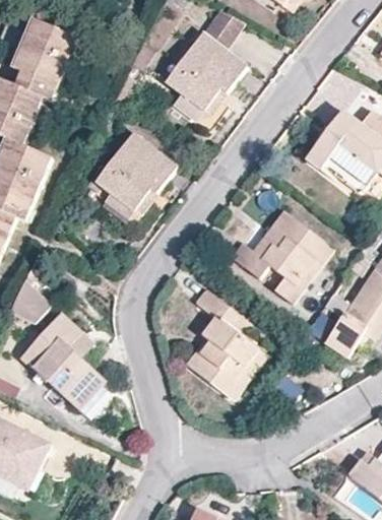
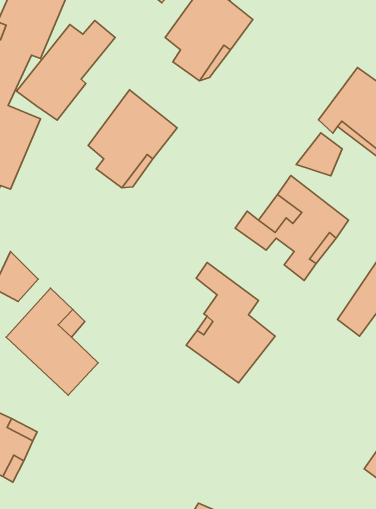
building: none -> [17,20,115,120]
building: none -> [296,133,342,176]

